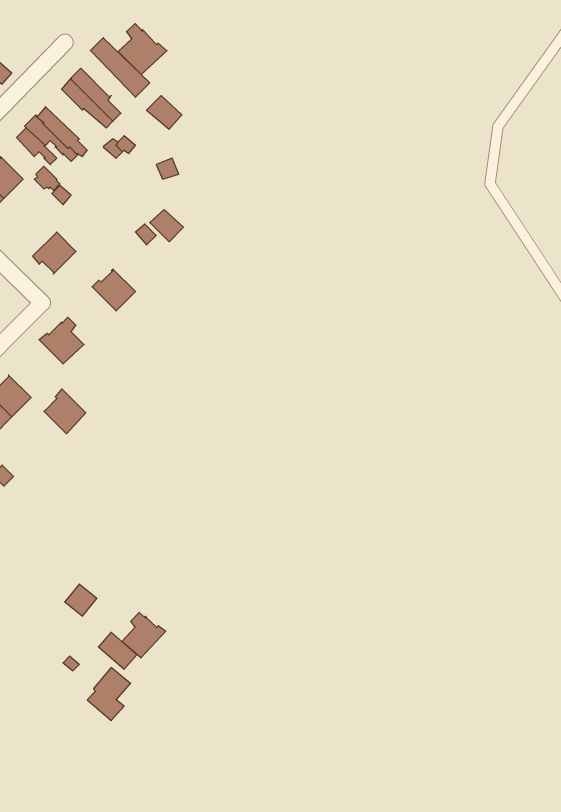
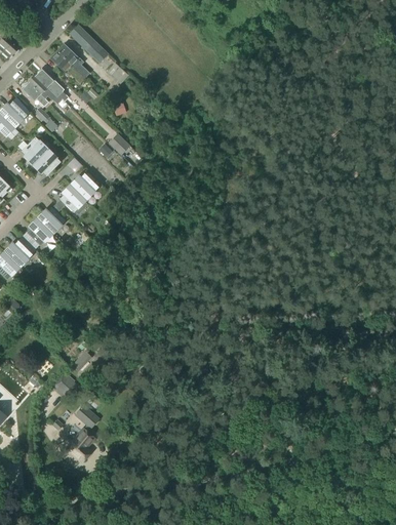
building: [118,24,167,74] -> none
building: none -> [21,136,48,164]
building: none -> [55,184,86,212]
building: [44,389,86,434] -> [26,217,52,246]
building: [122,612,166,658] -> none

